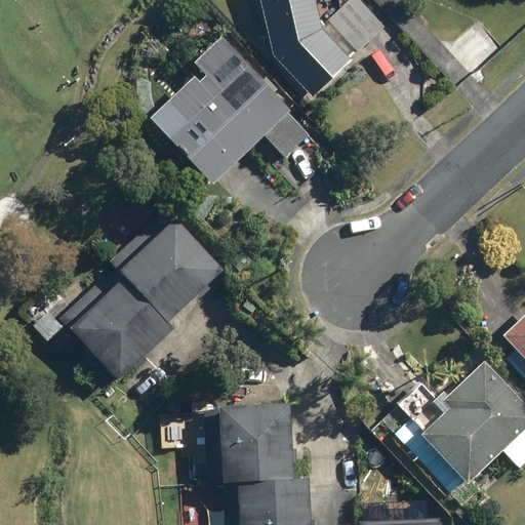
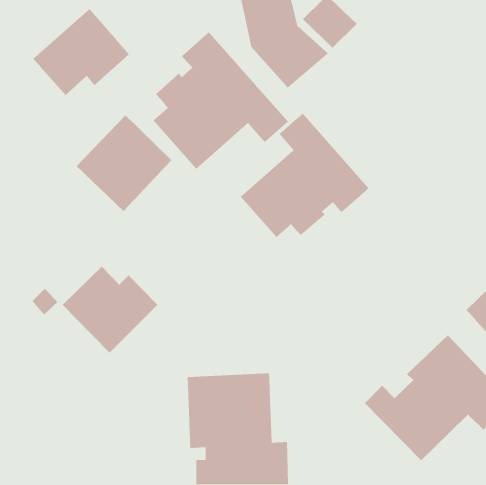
building: none -> [33,8,130,96]
building: none -> [240,113,370,238]
building: [118,216,221,321] -> [76,115,172,212]

